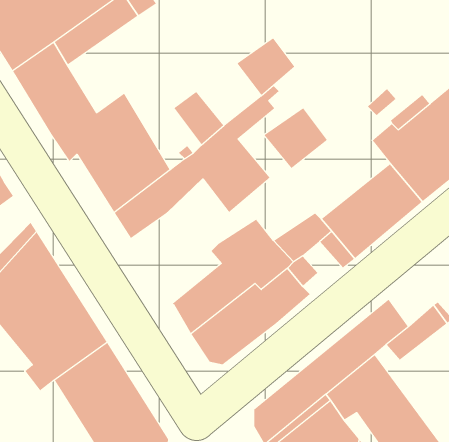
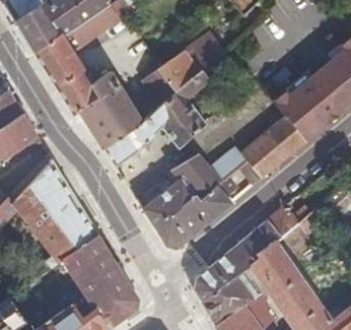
building: [263,107,328,169] -> [157,50,200,90]

